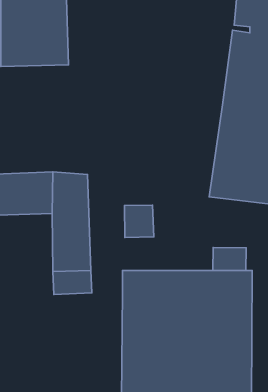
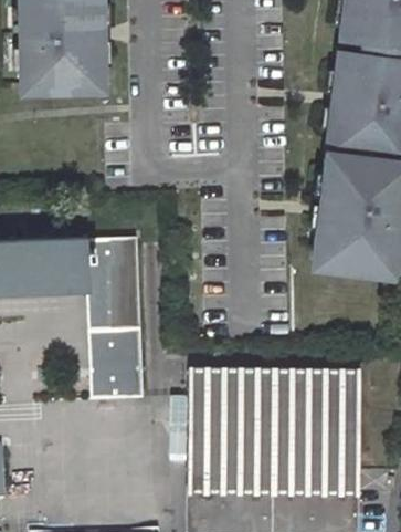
building: [125,205,154,237] -> none
building: [213,247,246,271] -> none

